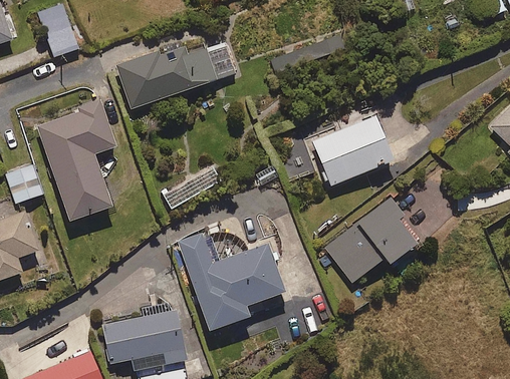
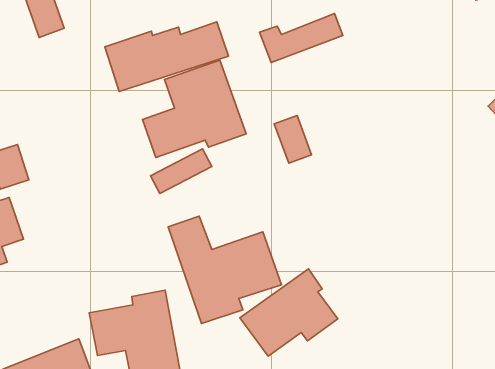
building: none -> [143,60,246,158]
building: [37,103,115,222] -> none
building: [312,116,394,186] -> none
building: [325,199,420,283] -> [240,269,338,356]

